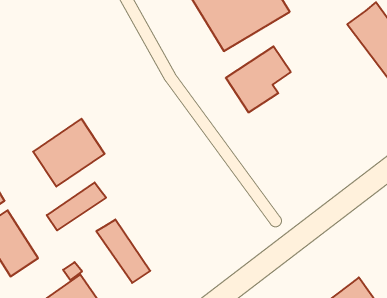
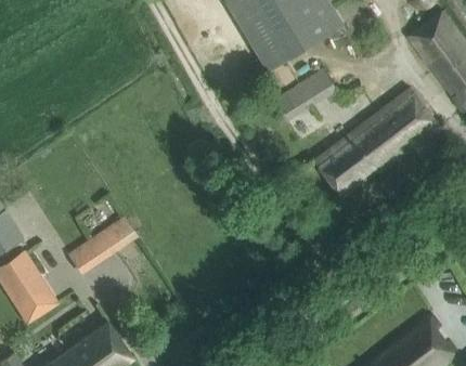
building: none -> [315,87,441,197]
building: [33,119,105,187] -> none
building: [96,219,150,283] -> none

